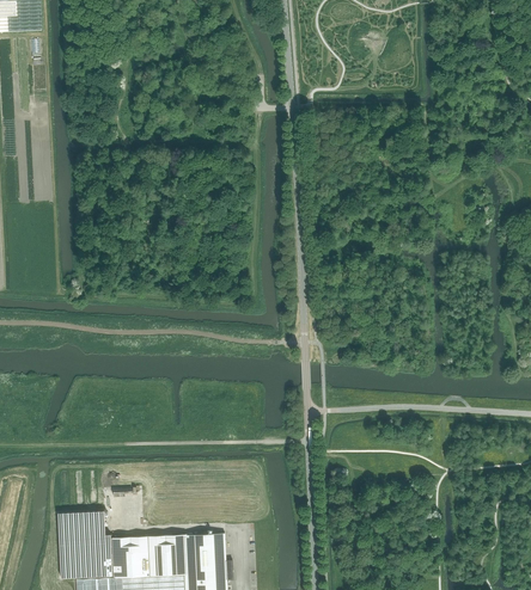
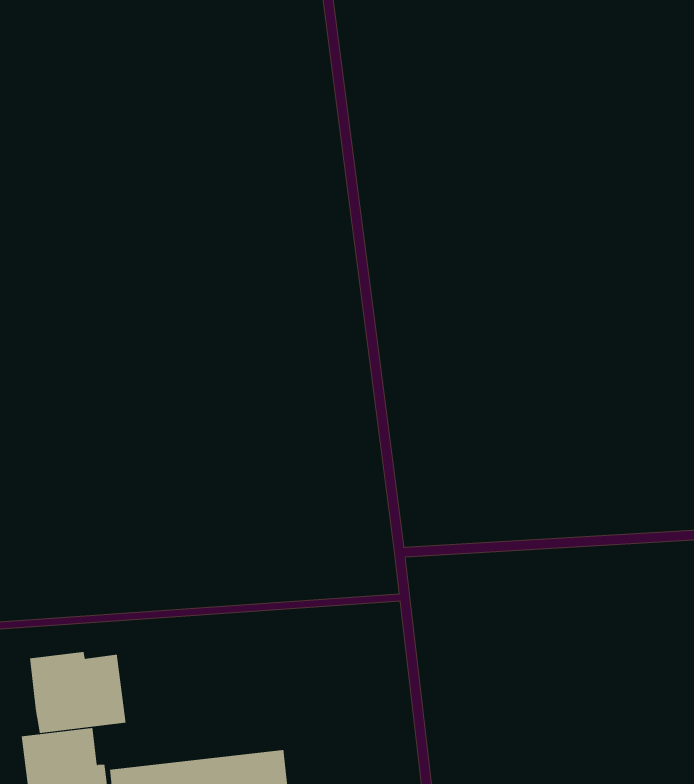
building: none -> [29,651,126,734]

